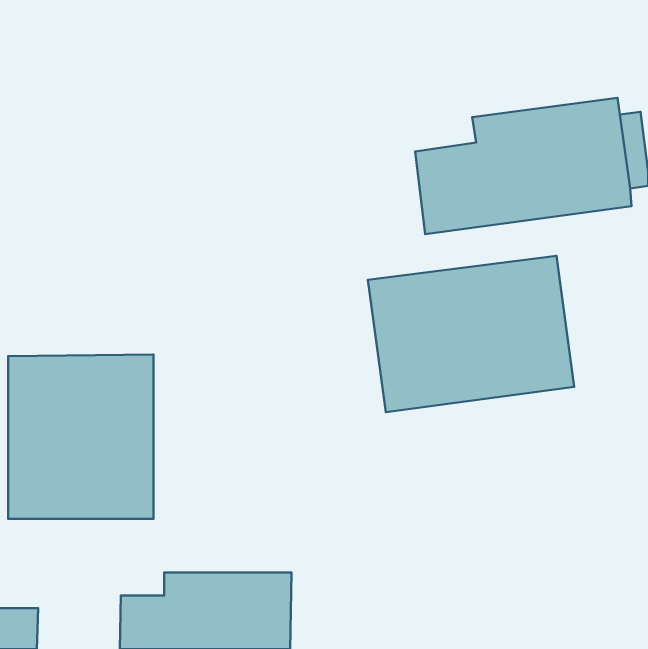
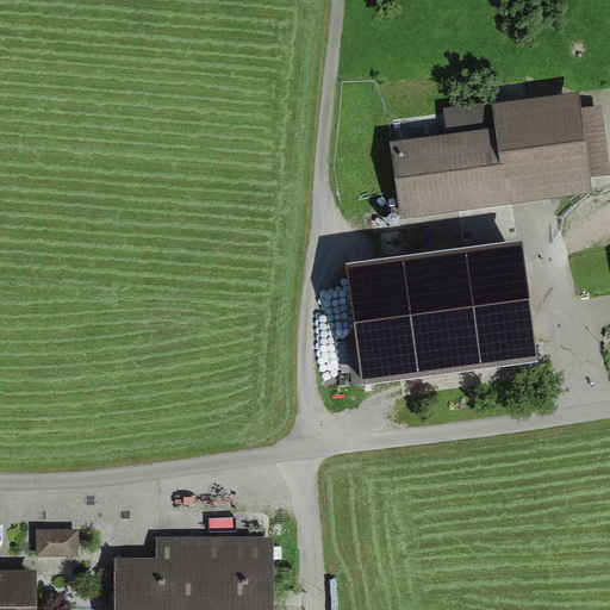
building: [8,354,154,519] -> none
building: none -> [35,529,77,556]

